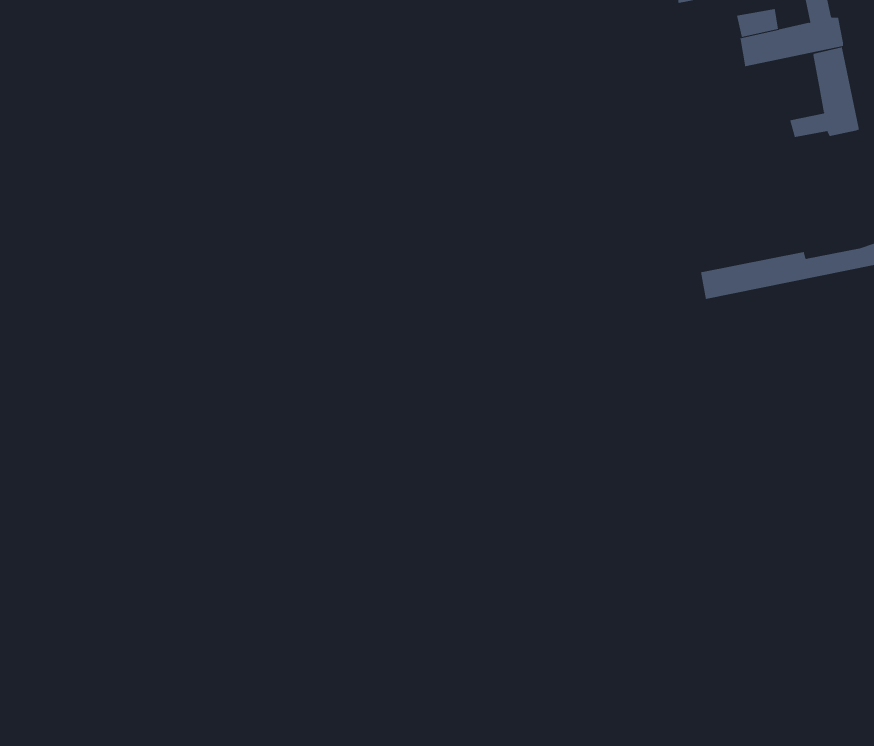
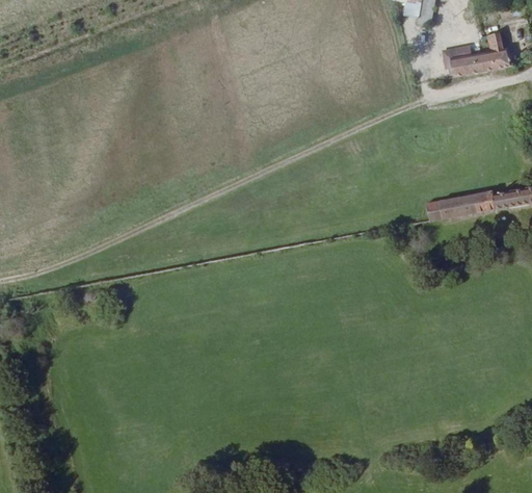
building: [790,47,860,138] -> none

